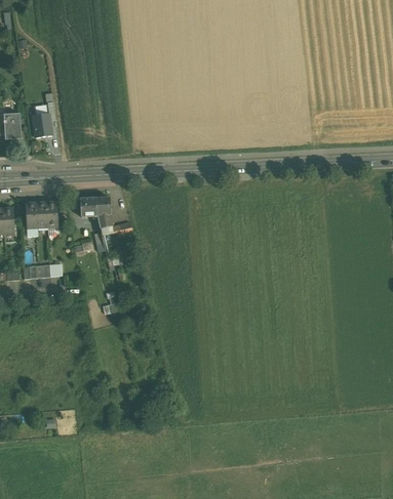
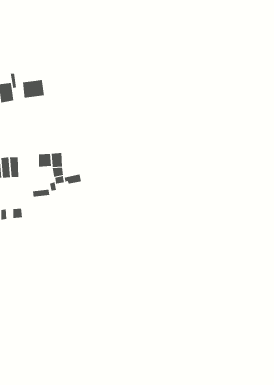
building: none -> [23,79,45,99]

